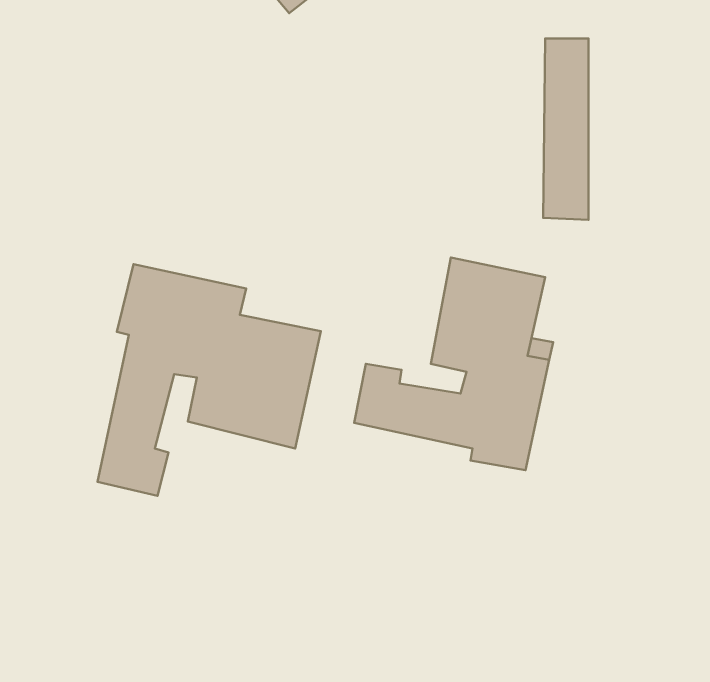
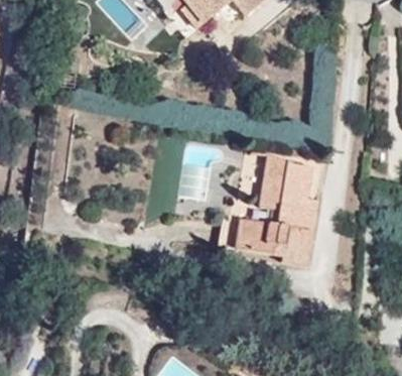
building: [98,264,321,496] -> none

